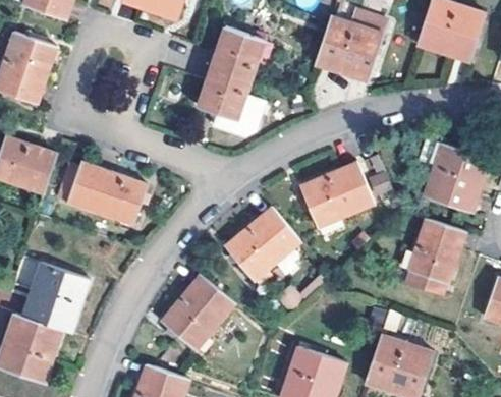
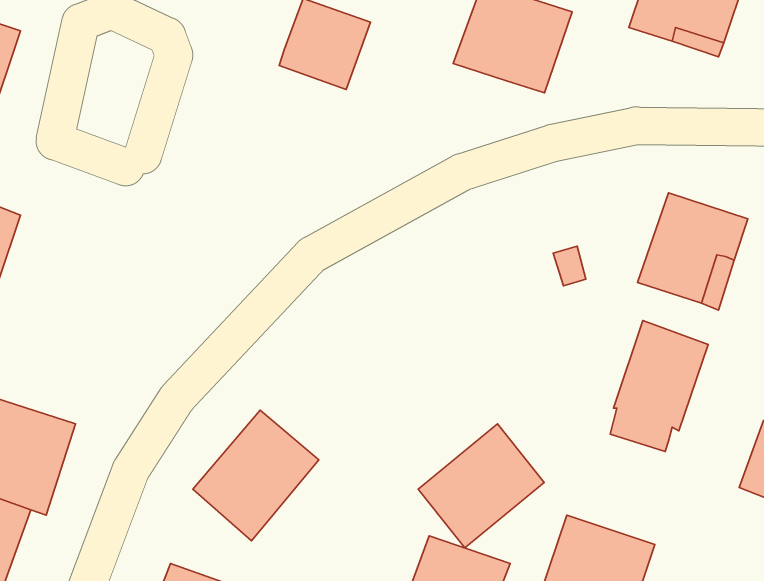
building: [196,66,264,136] -> none
building: [299,160,373,225] -> none
building: [67,162,147,225] -> none
building: [226,205,300,278] -> [418,424,544,548]

